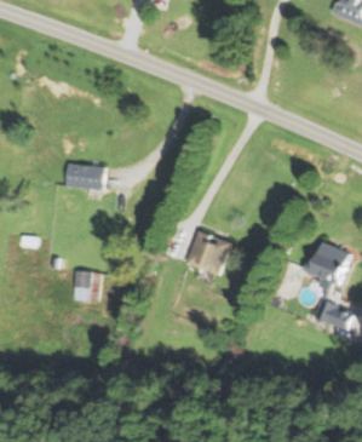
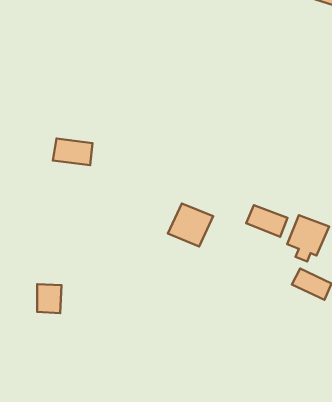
building: none -> [246,205,287,237]
building: [73,270,98,300] -> [37,284,61,313]

